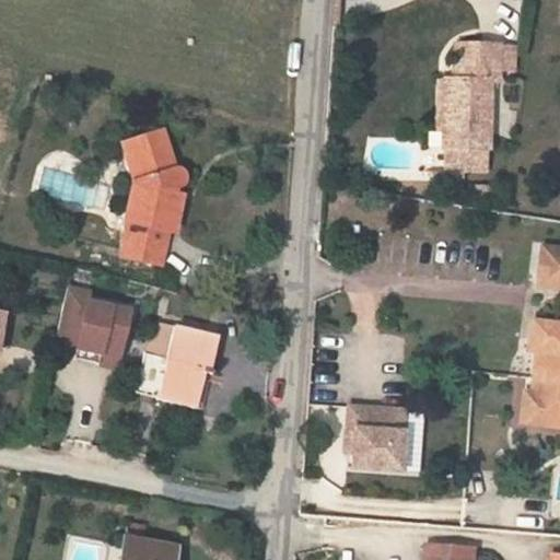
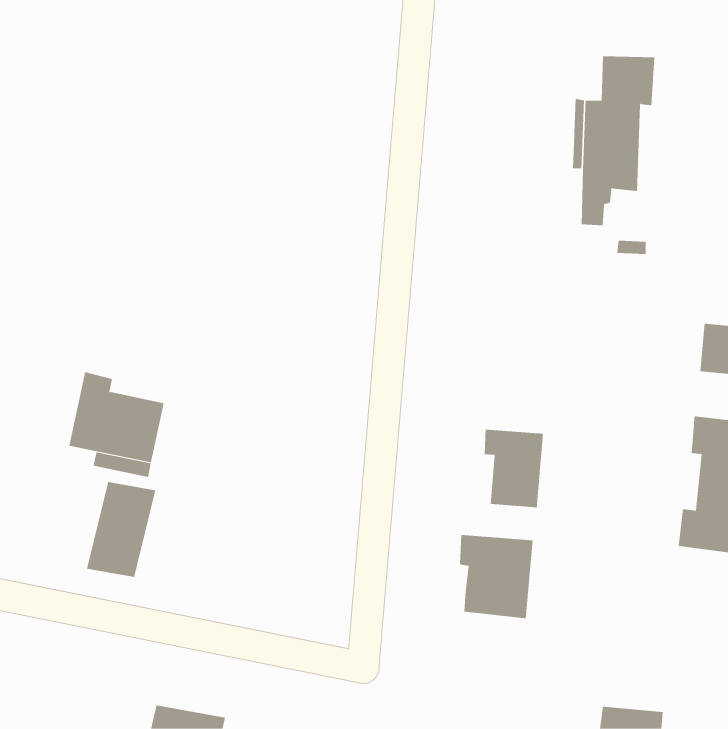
building: [129,135,190,259] -> none
building: none -> [484,429,543,508]
building: [155,331,209,405] -> [86,482,156,577]

